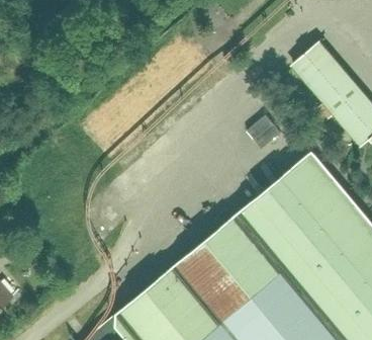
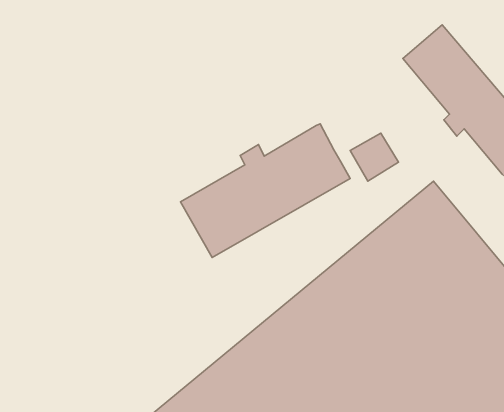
building: none -> [181,124,350,257]

